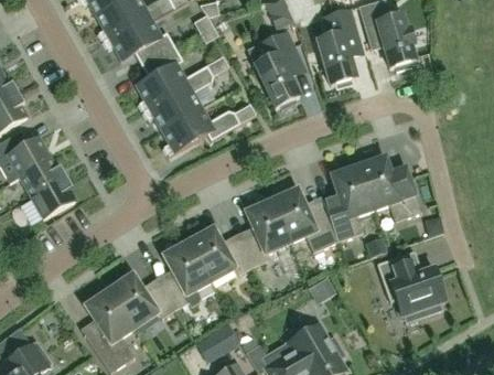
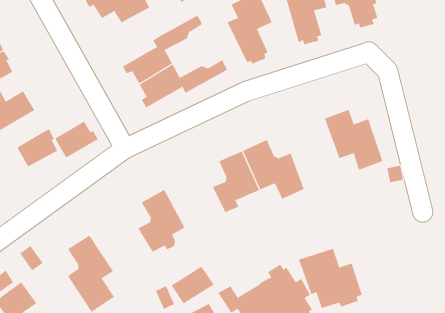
building: [136,47,182,110] -> none
building: [19,157,66,196] -> [54,121,99,158]
building: [323,165,374,240] -> none
building: [189,227,253,281] -> none
building: [377,250,445,314] -> [298,248,363,308]
building: [109,272,175,328] -> none

